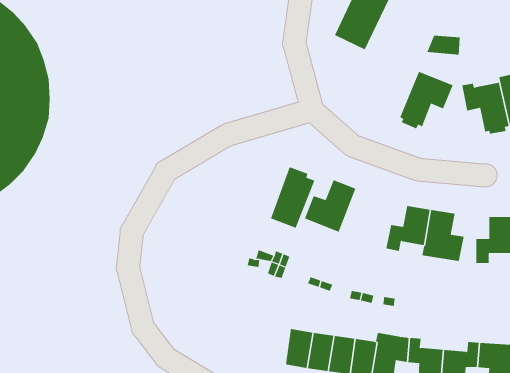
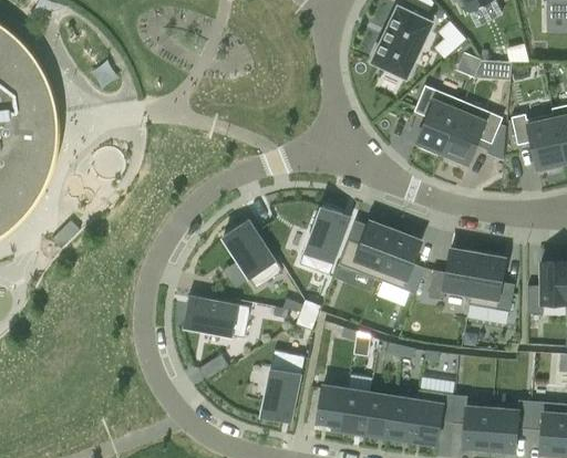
building: none -> [413,84,463,154]
building: none -> [221,223,282,289]
building: none -> [375,230,424,293]
building: none -> [184,298,250,337]
building: none -> [261,355,305,419]

